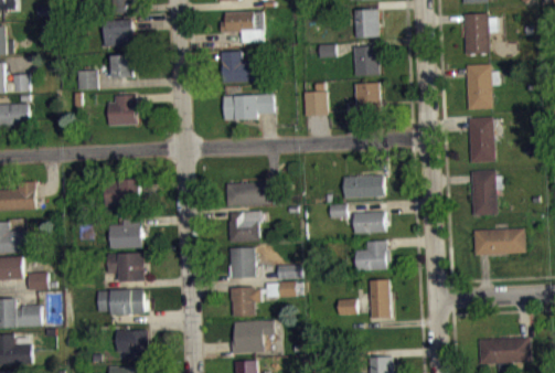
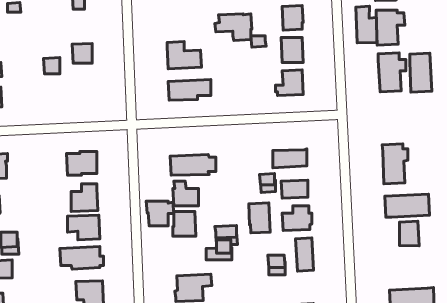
building: none -> [356,6,377,43]
building: [220,12,263,43] -> [215,14,252,41]
building: [104,20,132,46] -> none
building: [302,84,325,116] -> none
building: [107,94,136,124] -> none
building: [469,117,494,162] -> [410,53,432,92]
building: none -> [249,203,270,233]
building: none -> [399,221,419,246]
building: [228,287,260,316] -> [146,201,174,226]

